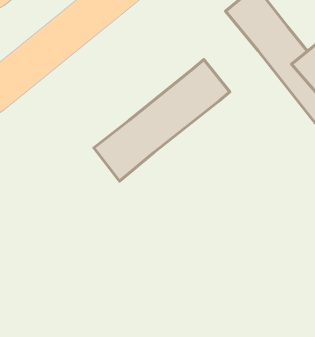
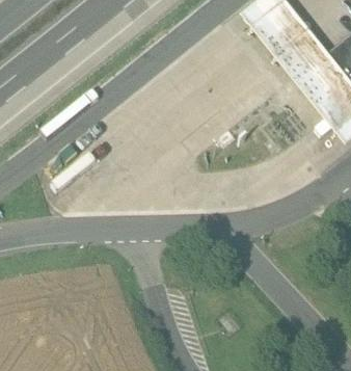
building: [94,59,230,181] -> none

